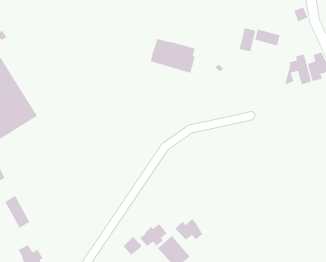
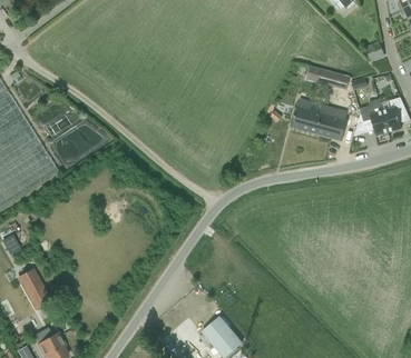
building: [150,38,195,74] -> [292,98,346,140]
building: [175,218,203,240] -> none
building: [139,223,168,247] -> none

